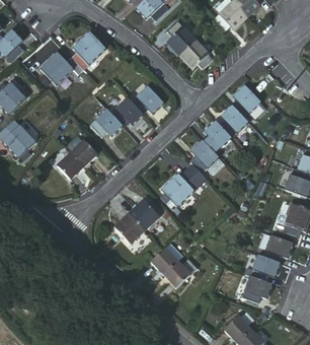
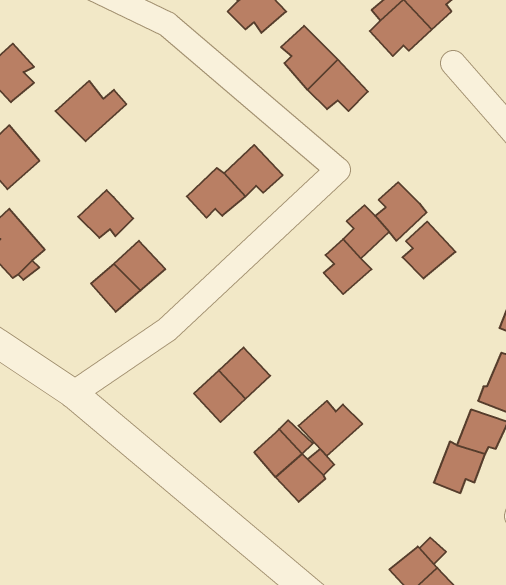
building: [70,25,106,66] -> none
building: [232,85,262,118] -> [402,222,456,279]
building: [91,110,123,137] -> [78,190,133,238]
building: [165,171,202,203] -> [298,401,362,456]
building: [243,277,274,306] -> none

